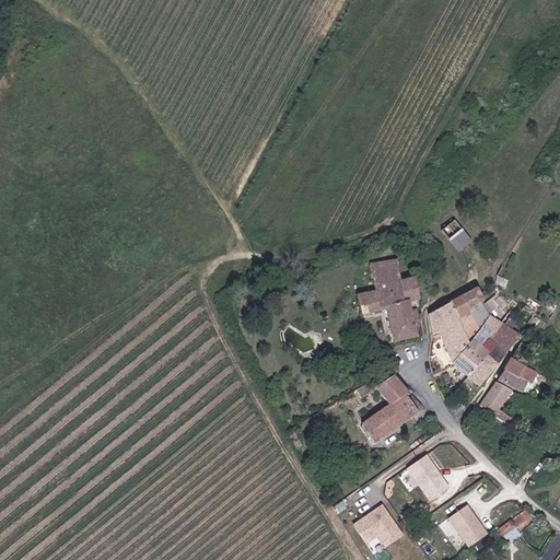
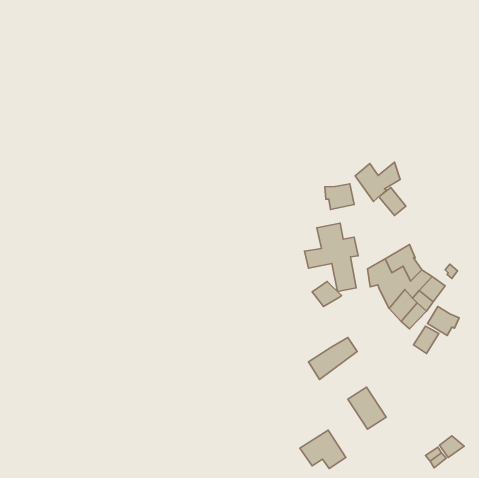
building: none -> [355,162,400,202]
building: none -> [325,184,354,210]
building: [374,375,408,405] -> [312,281,341,307]
building: [445,502,489,547] -> none

